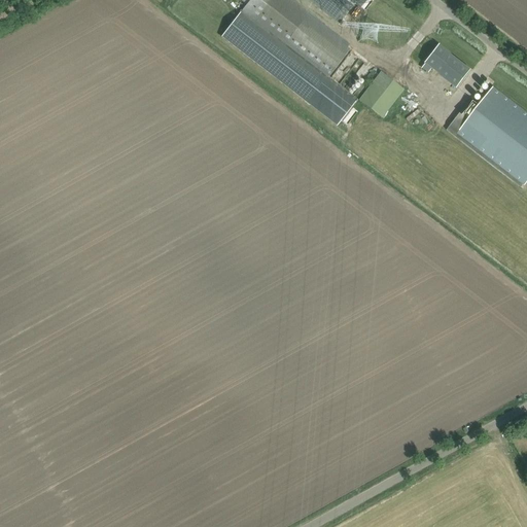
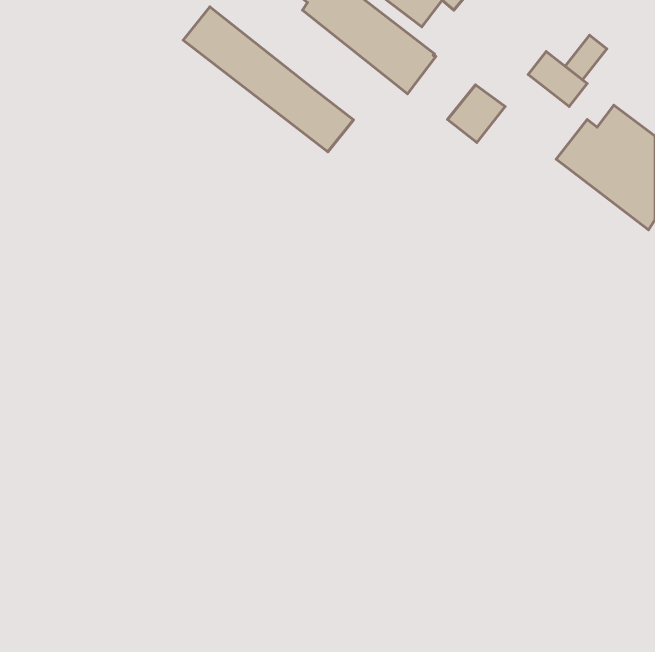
building: [221,8,358,125] -> [183,7,353,152]
building: none -> [565,35,607,80]

